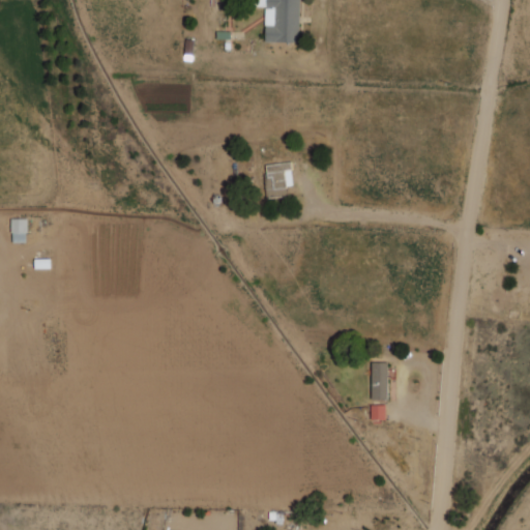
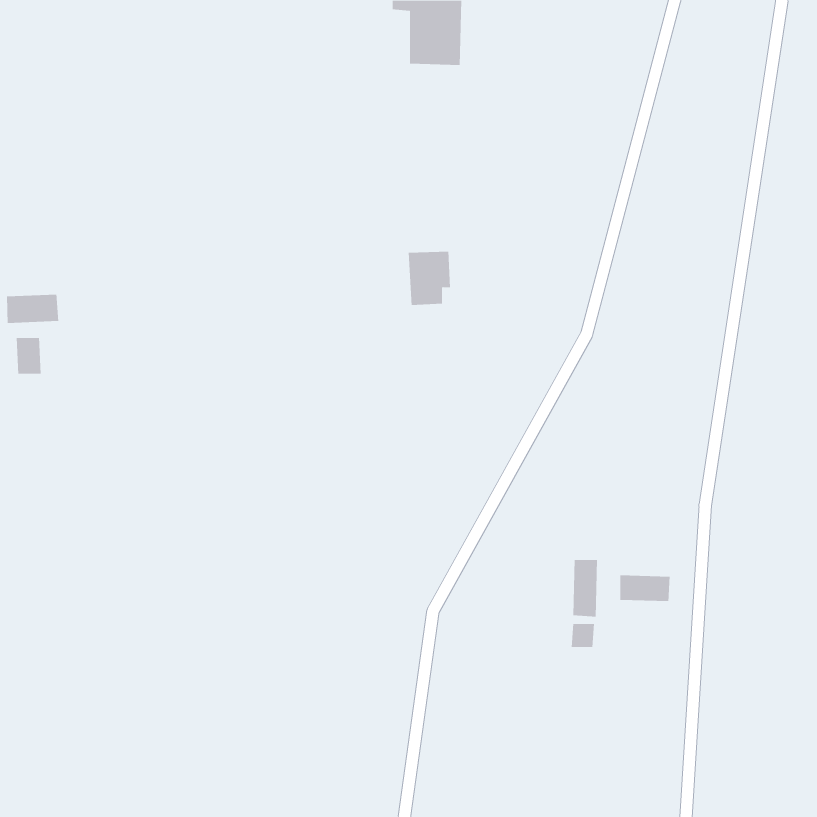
building: none -> [6,294,59,324]
building: none -> [620,575,670,602]

